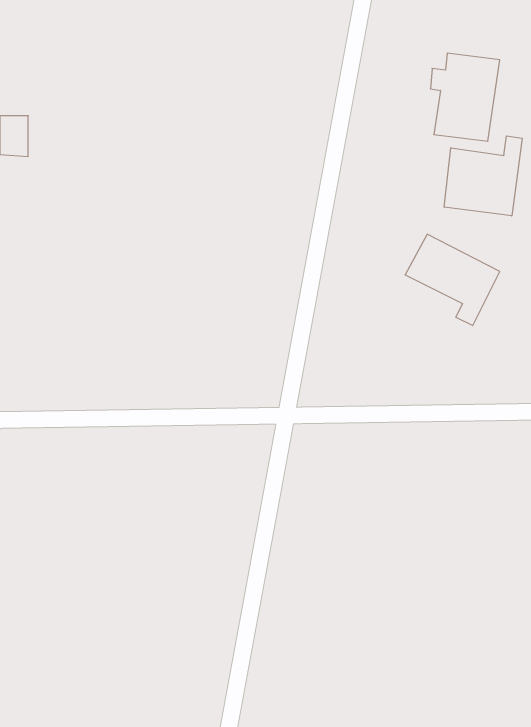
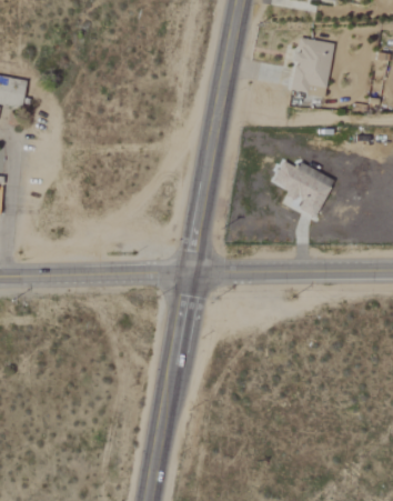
building: [444,136,522,216] -> none

